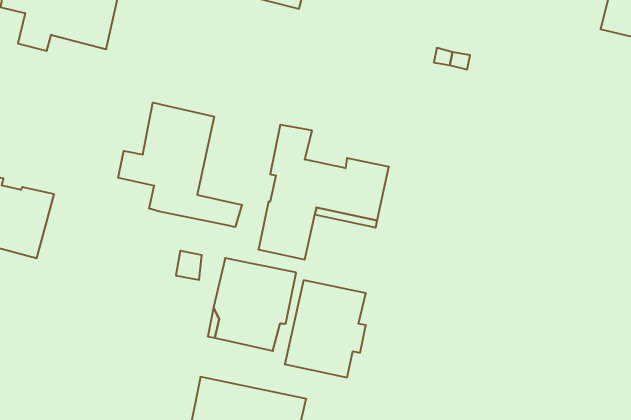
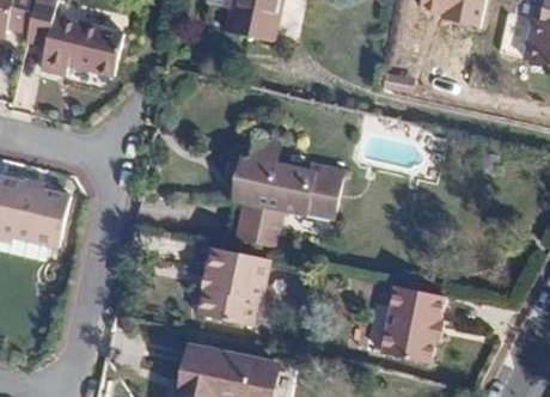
building: [118,103,242,227] -> none
building: [285,280,366,377] -> [379,286,446,366]

